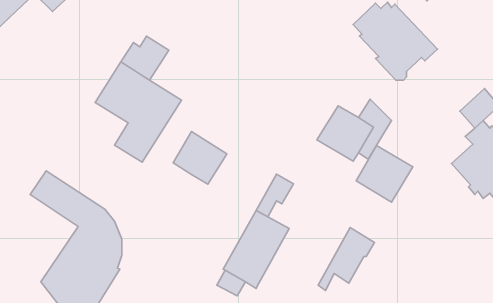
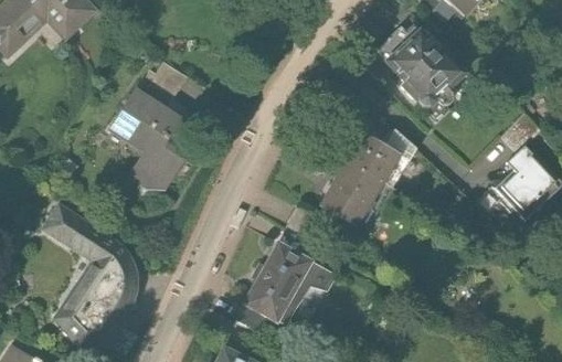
building: [173,131,227,184] -> none
building: [356,145,413,202] -> [319,169,378,227]
building: [318,228,375,291] -> [278,260,337,326]

